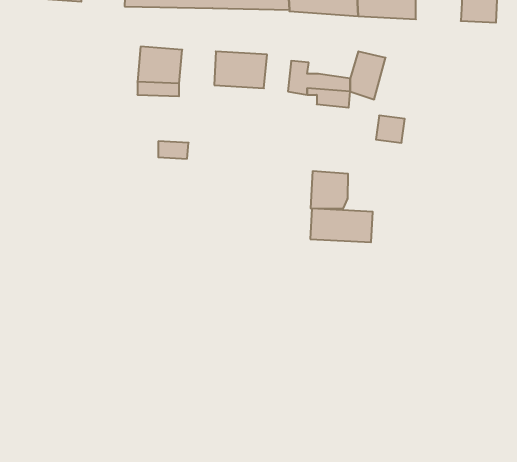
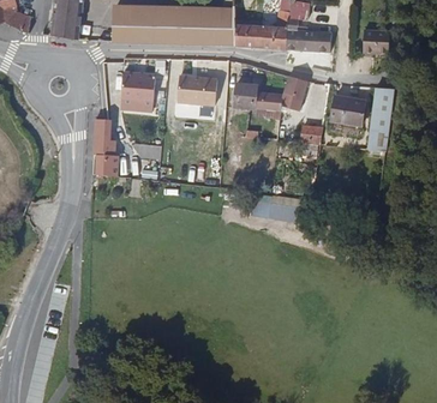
building: none -> [367,88,394,152]
building: none -> [330,97,364,126]
building: none -> [94,120,116,179]
building: [311,171,348,209] -> none

